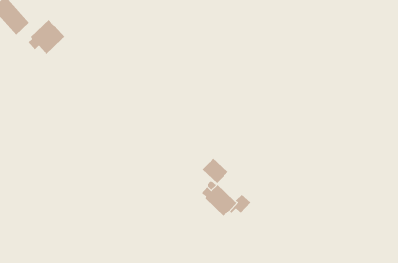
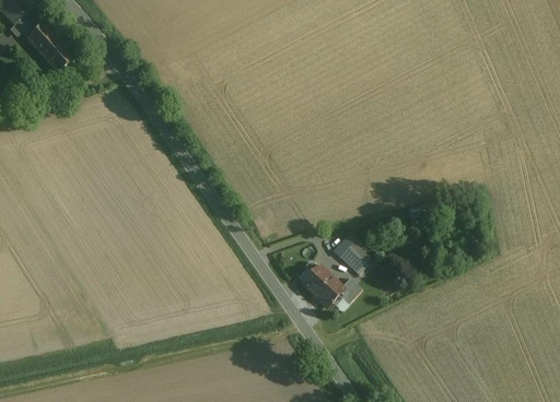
building: [27,19,65,55] -> none
building: [202,158,228,184] -> [334,236,368,270]

